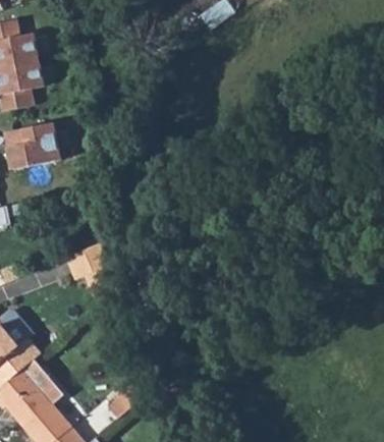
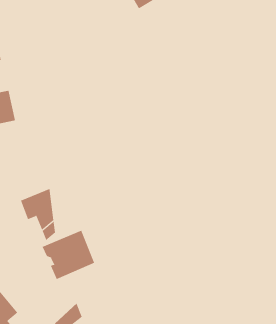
building: none -> [42,230,95,280]

